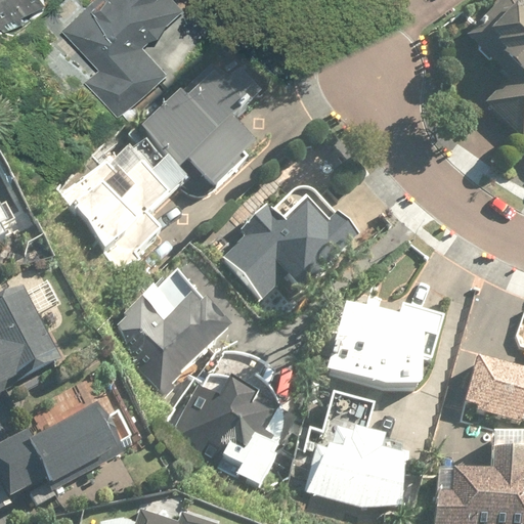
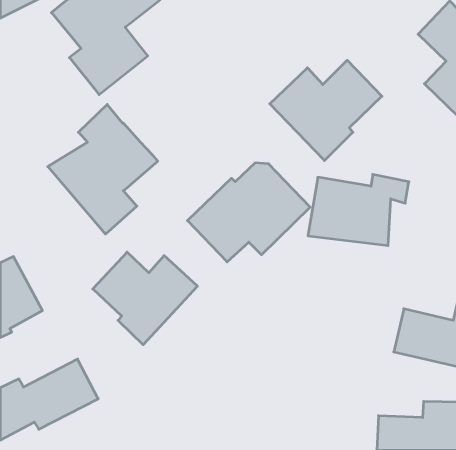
building: [140,58,260,184] -> none
building: none -> [270,60,382,161]
building: [326,306,441,387] -> [308,174,409,246]
building: [166,351,282,483] -> none
building: [302,393,401,507] -> none

